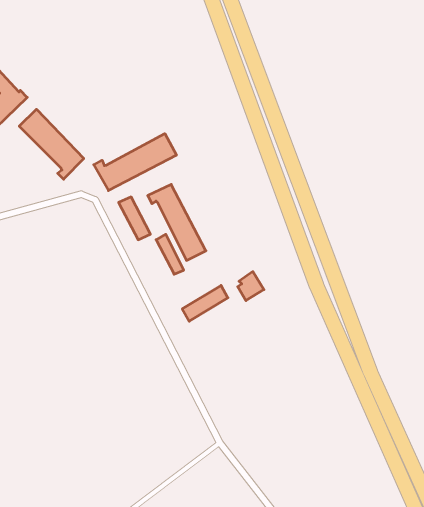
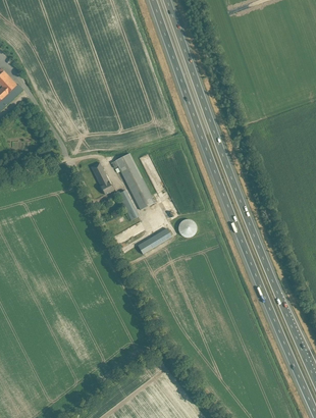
building: [19,109,84,179] -> none
building: [94,134,176,191] -> none

